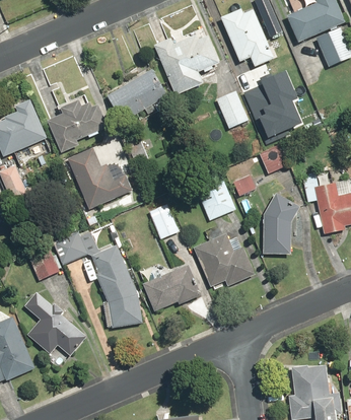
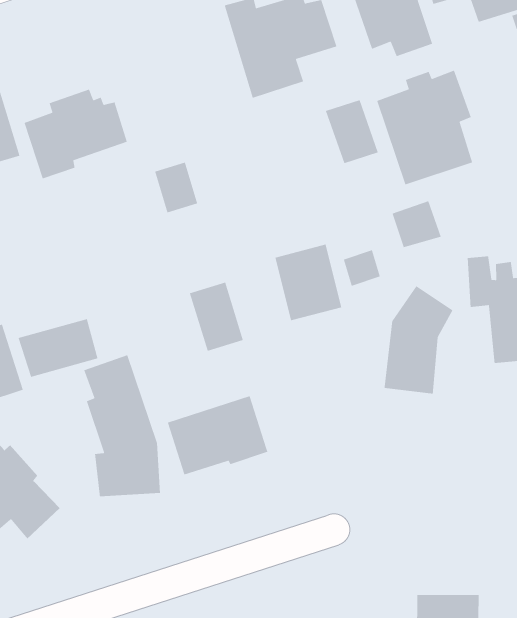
building: [107,68,167,121] -> none
building: [68,140,135,210] -> none
building: [194,233,254,289] -> none

